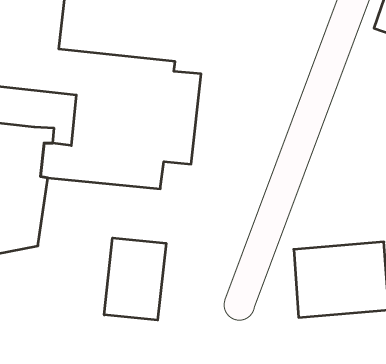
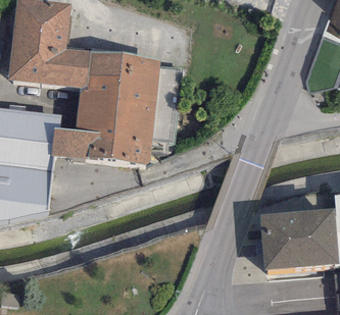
building: [104,238,166,320] -> none

